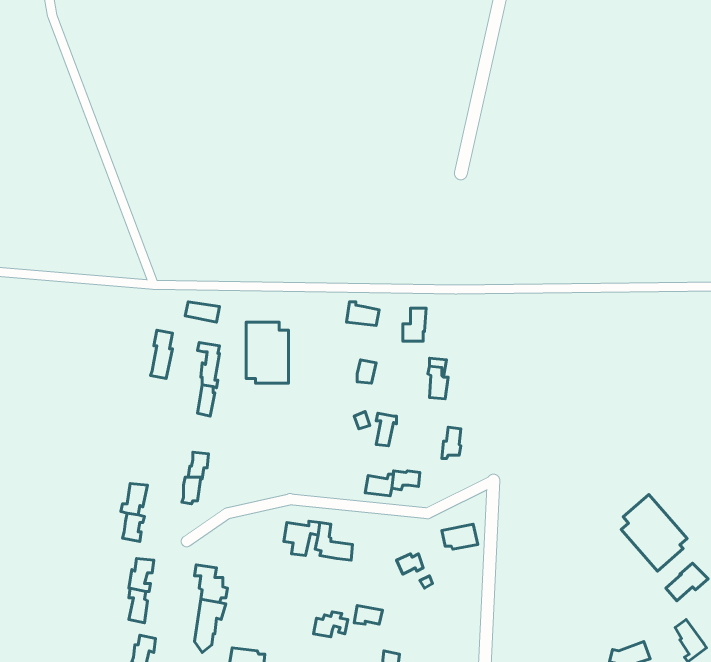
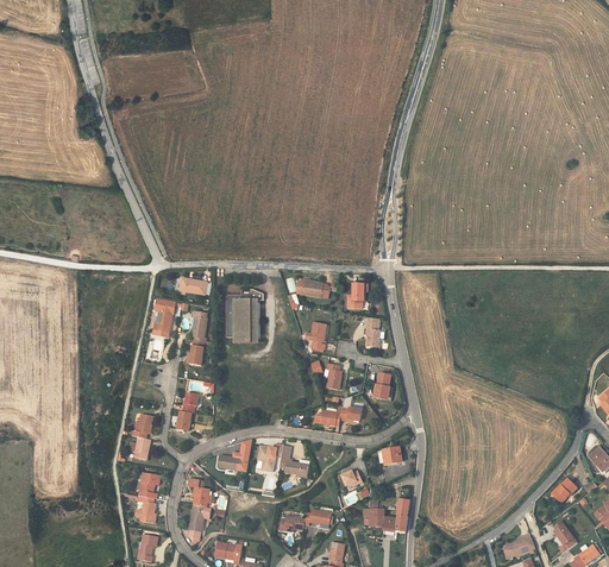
building: [621,494,687,571] -> none
building: none -> [219,441,253,470]
building: none -> [363,497,409,533]

